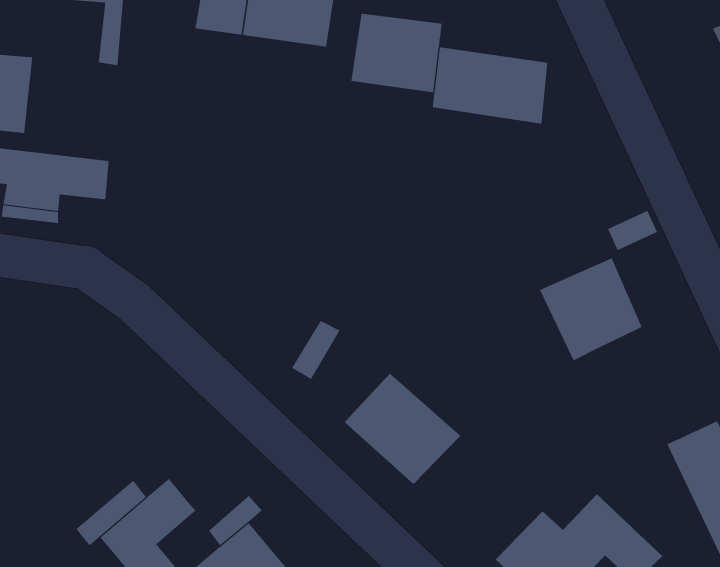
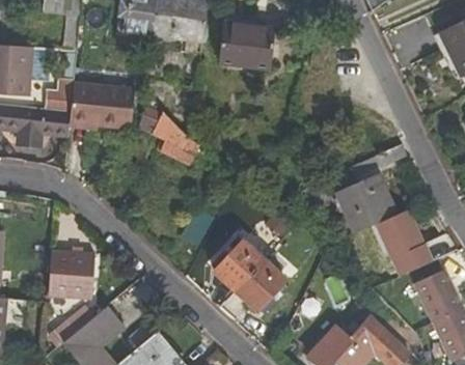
building: [432,47,548,124] -> none
building: none -> [71,82,136,129]
building: none -> [139,107,197,165]
building: none -> [372,207,433,276]
building: none -> [49,250,97,299]

